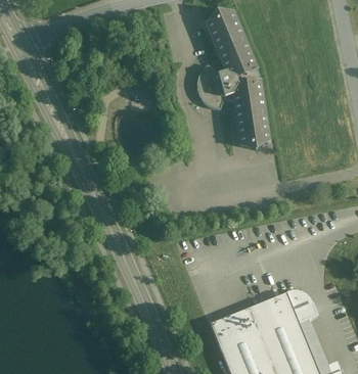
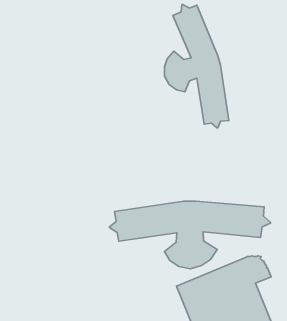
building: none -> [109,201,271,269]

